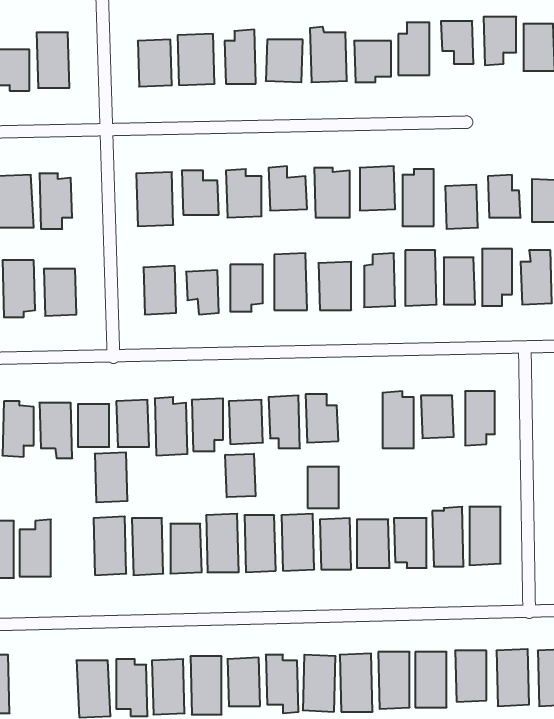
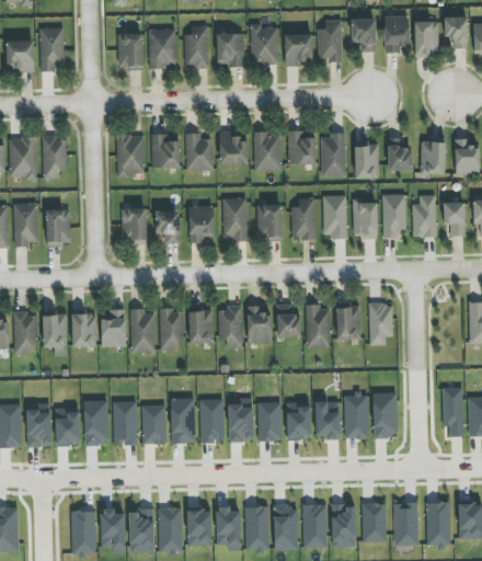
building: [95,452,128,502] -> [55,408,80,446]
building: [225,454,255,497] -> none
building: [308,467,339,508] -> [276,305,300,336]

